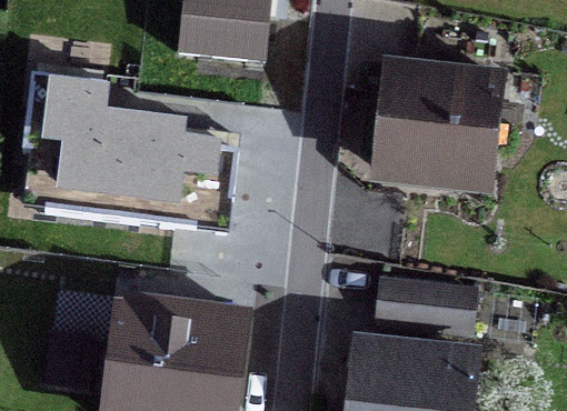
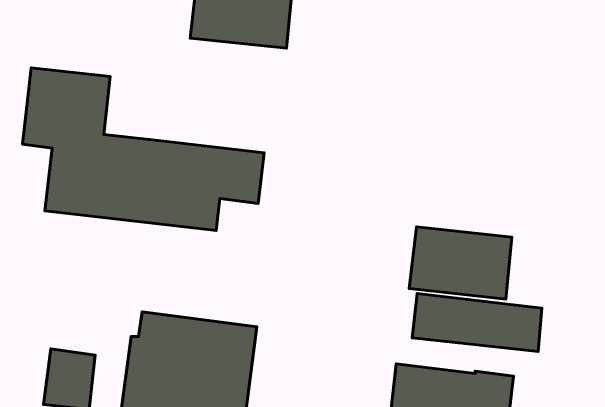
building: [382,57,495,178] -> none
building: none -> [409,227,512,299]

